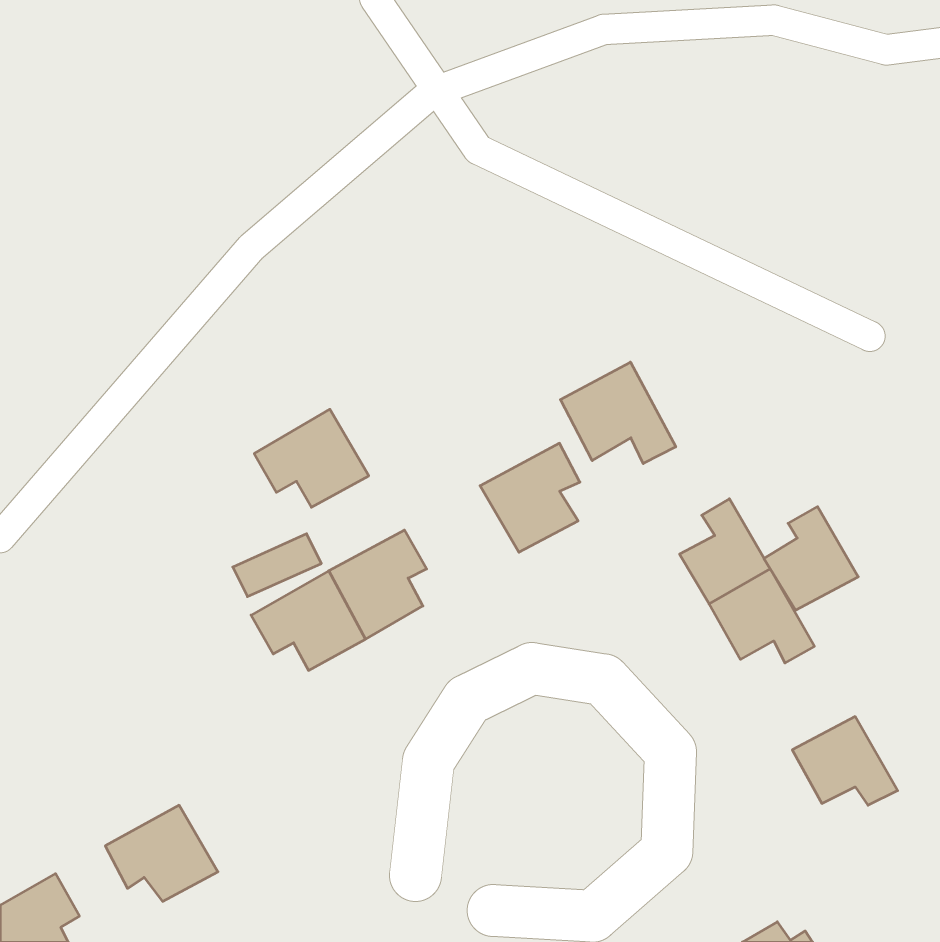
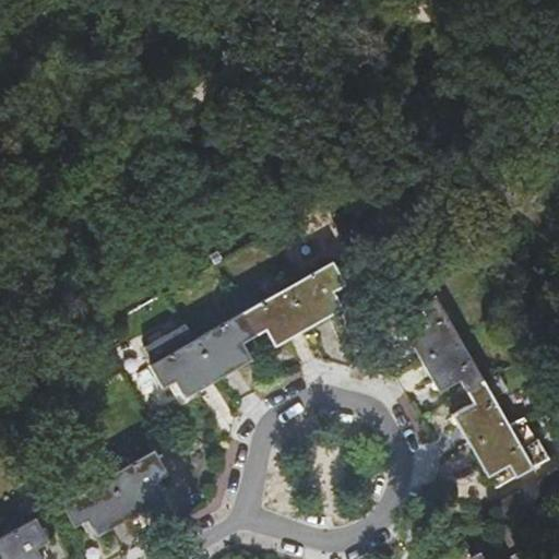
building: [560,362,676,464] -> none
building: [254,409,369,507] -> [241,287,309,345]
building: [764,507,858,610] -> [452,382,508,443]
building: none -> [108,449,167,515]

